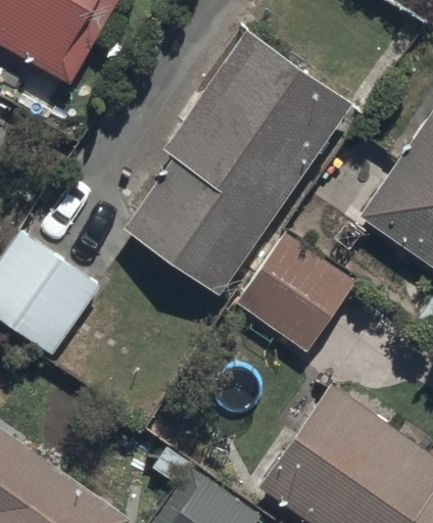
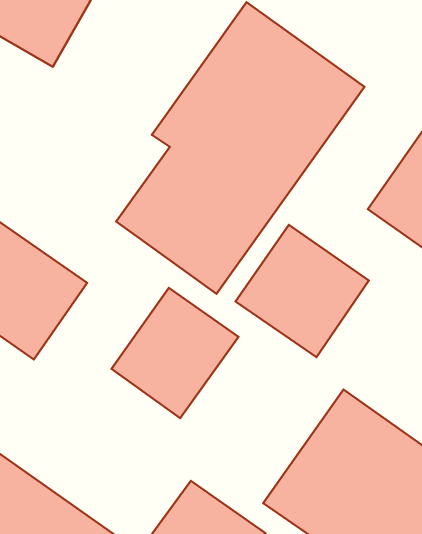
building: none -> [111,288,238,418]

